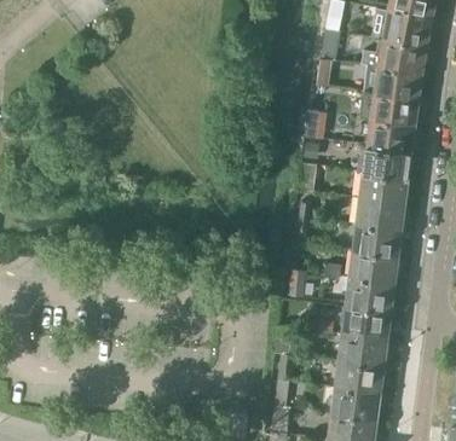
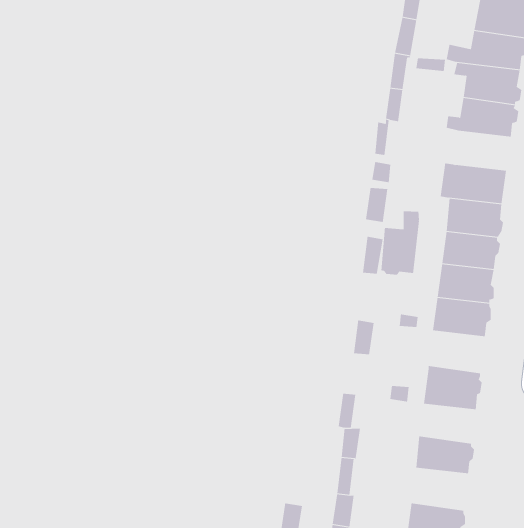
building: [368,120,414,151] -> none
building: none -> [381,210,419,276]
building: [346,278,392,312] -> none
building: [339,336,385,367] -> none
building: [333,387,379,420] -> none

